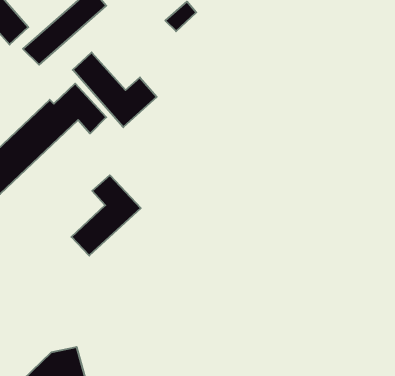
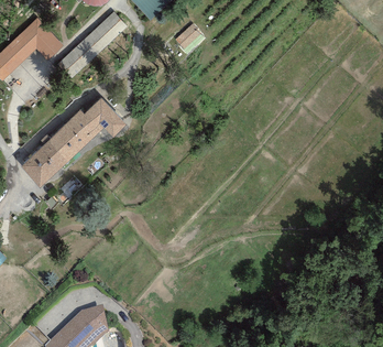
building: [73,52,157,127] -> none
building: [71,175,141,256] -> none

